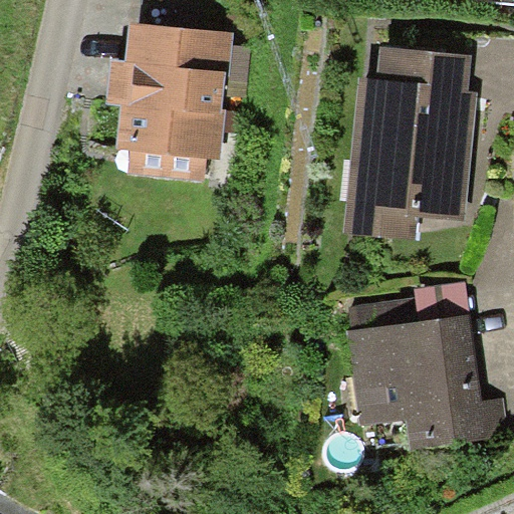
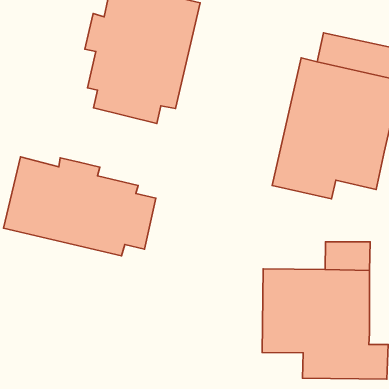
building: none -> [4,157,156,256]

